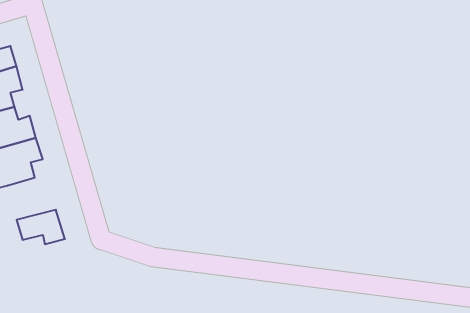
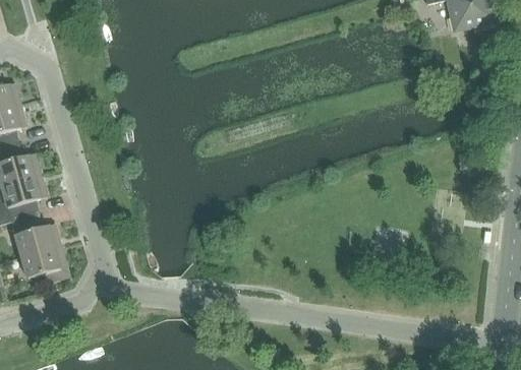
building: none -> [11,214,60,257]

